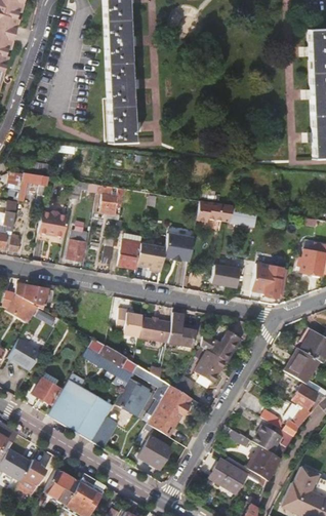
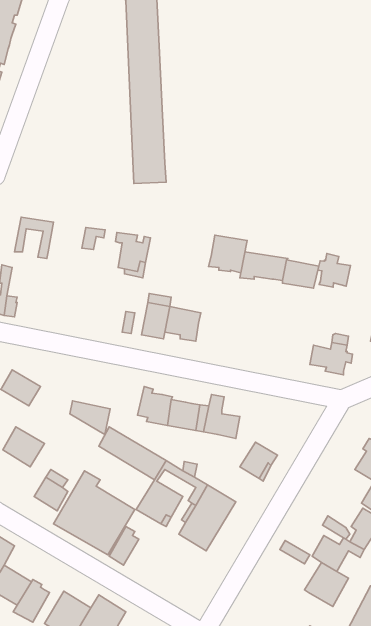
building: none -> [318,254,350,287]
building: [37,210,67,234] -> none
building: [162,232,193,262] -> [208,235,247,273]
building: [66,233,86,262] -> none
building: [210,265,239,287] -> none
building: [14,283,46,310] -> [70,401,110,435]
building: [200,331,240,362] -> none
building: [137,436,170,469] -> none
building: [212,458,249,491] -> none

